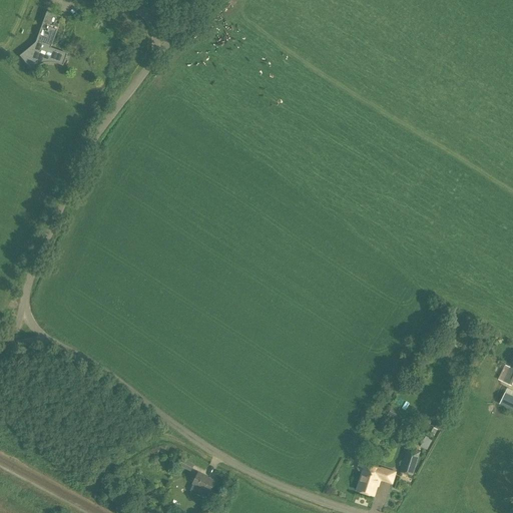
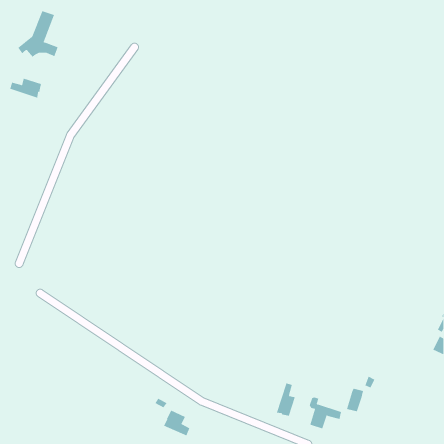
building: none -> [9,78,41,99]
building: none -> [276,382,295,416]

